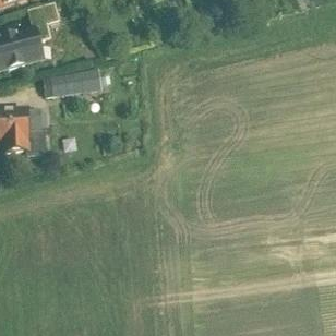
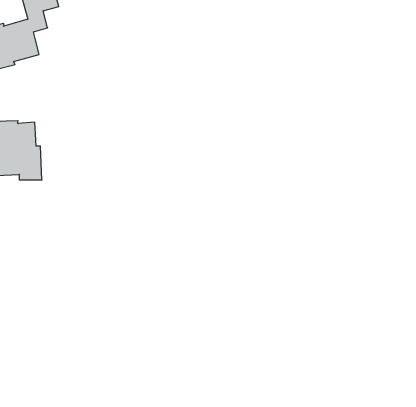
building: [41,65,111,96] -> none

